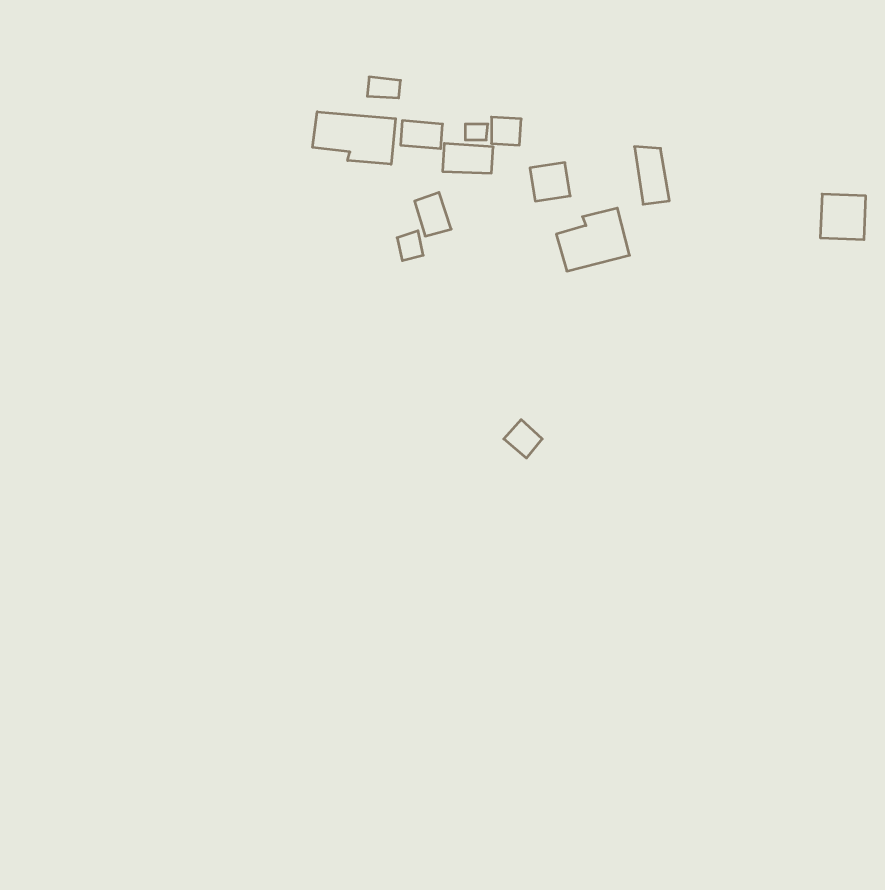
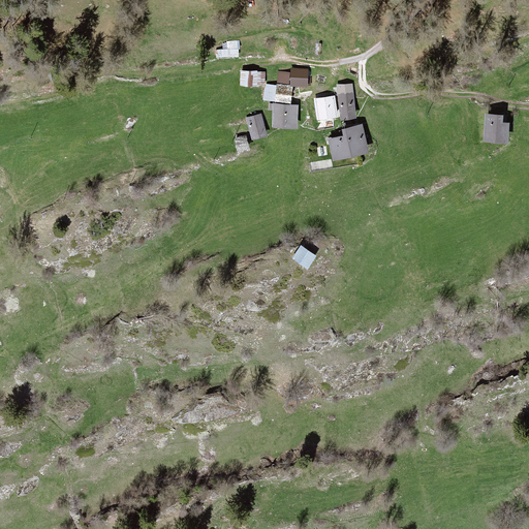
building: [313,112,396,164] -> none
building: [634,147,669,204] -> [336,85,356,119]
building: none -> [271,104,297,127]

